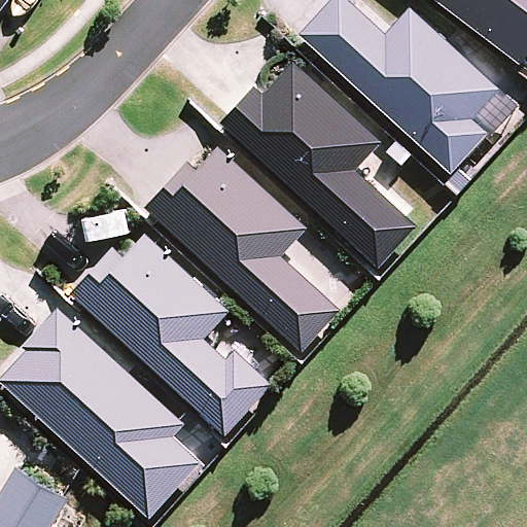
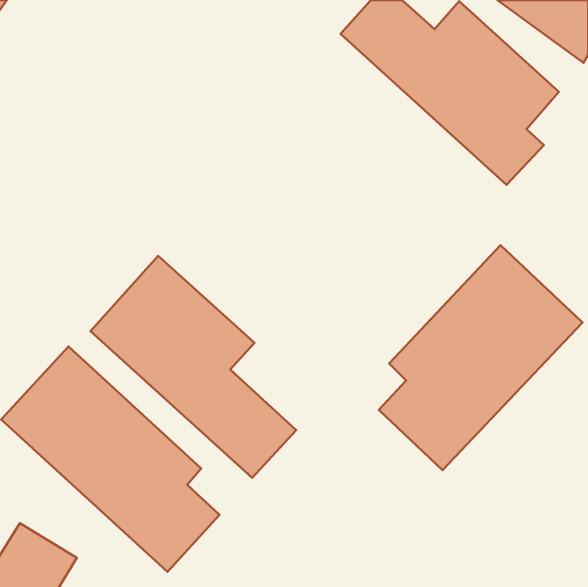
building: [232,64,413,266] -> none
building: [151,145,336,349] -> none
building: none -> [379,245,583,470]

